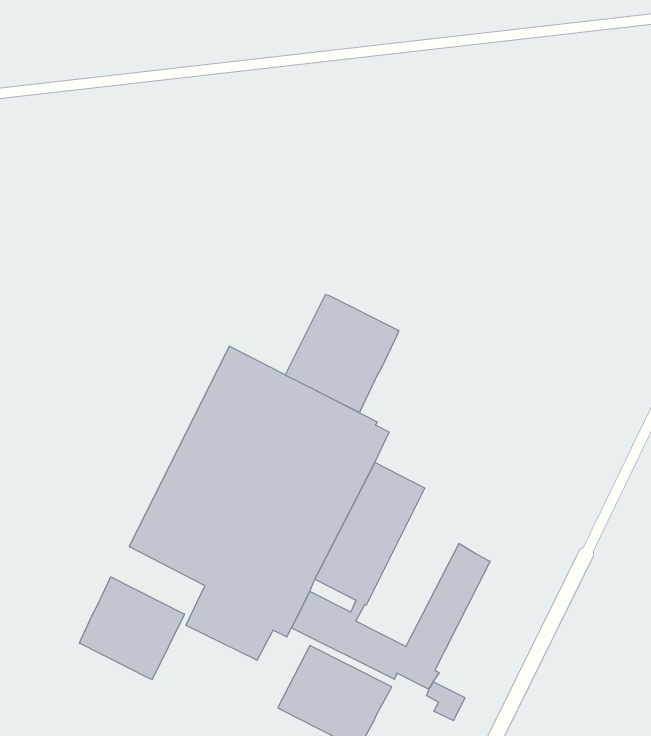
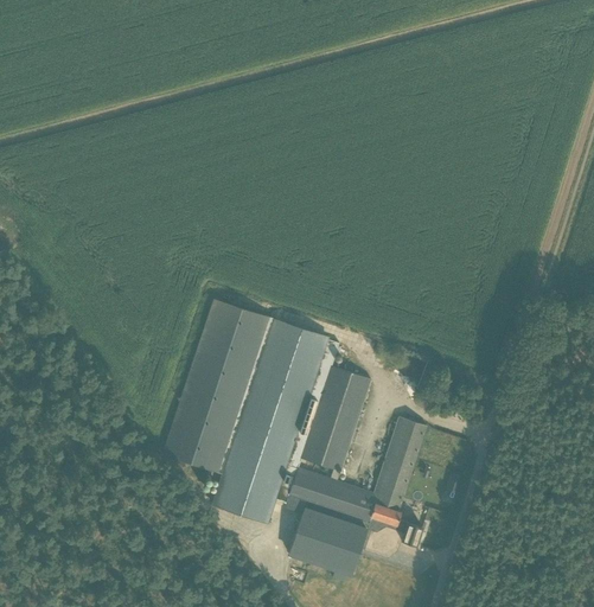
building: [285,294,399,412] -> none
building: [79,577,185,679] -> none

